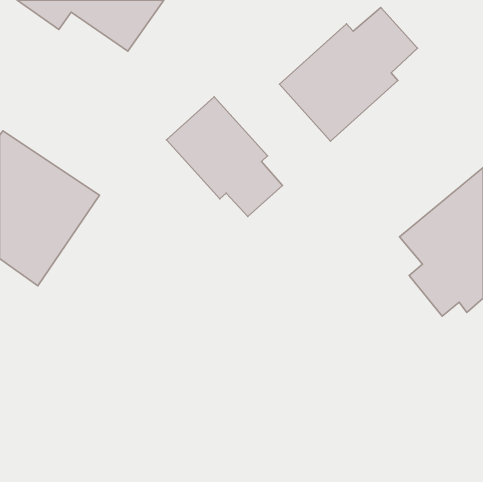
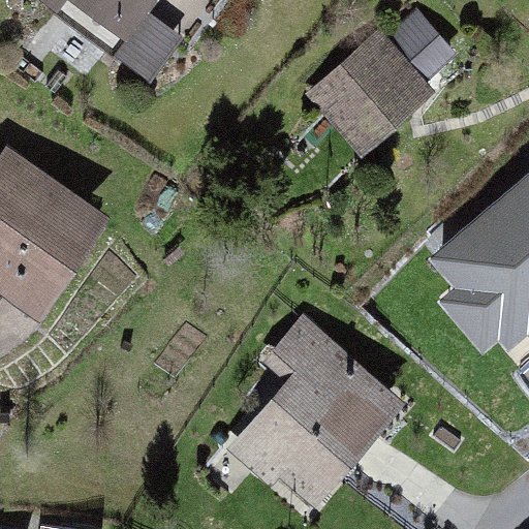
building: [167,97,282,216] -> none
building: none -> [234,314,409,517]

